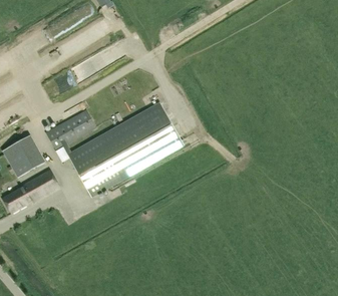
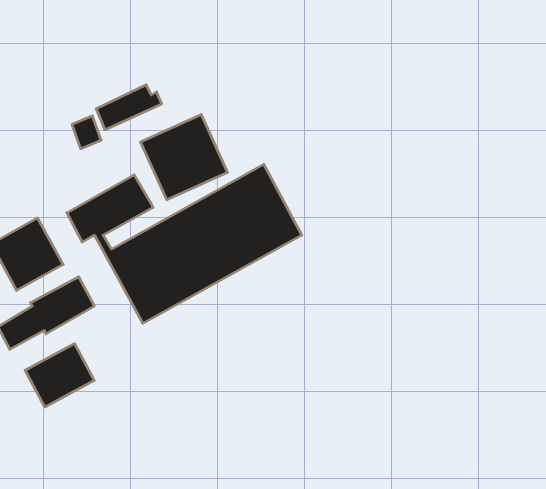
building: none -> [141,114,228,200]
building: none -> [25,344,94,407]

